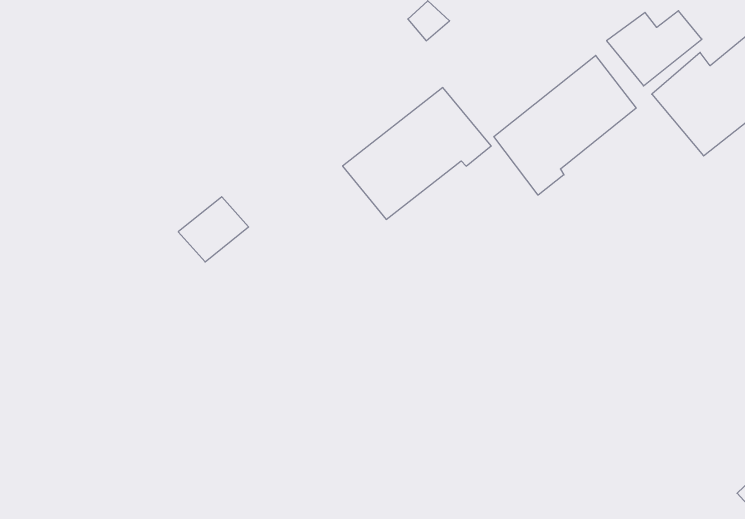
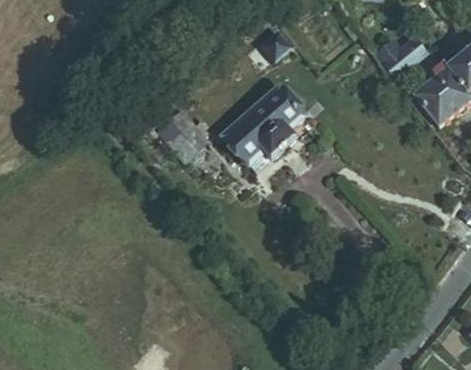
building: [494,55,636,195] -> none
building: [178,197,249,262] -> [165,118,207,157]

